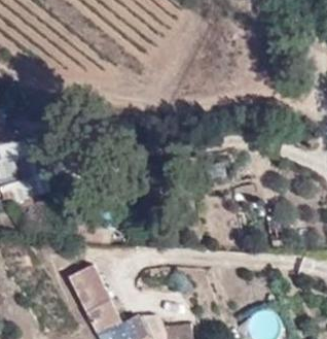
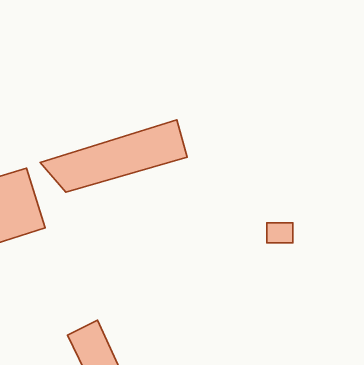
building: none -> [40,120,187,192]

